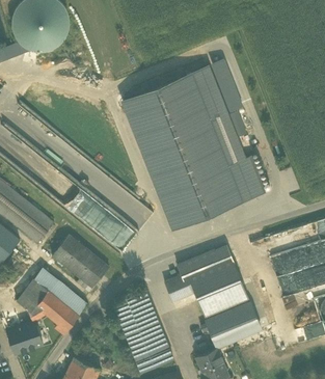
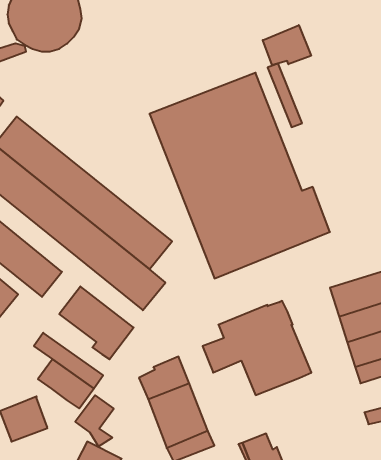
building: none -> [263,25,311,65]
building: [18,281,48,322] -> [75,395,114,447]
building: [208,302,262,348] -> none

